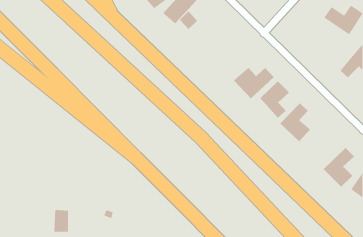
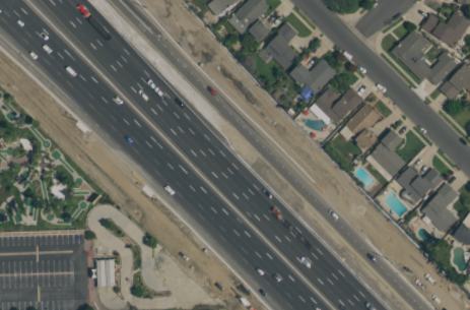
building: none -> [263,24,299,70]
building: none -> [391,27,457,86]
building: none -> [290,59,336,96]
building: none -> [396,165,442,203]

